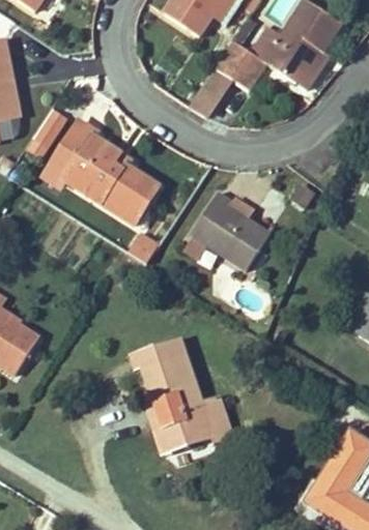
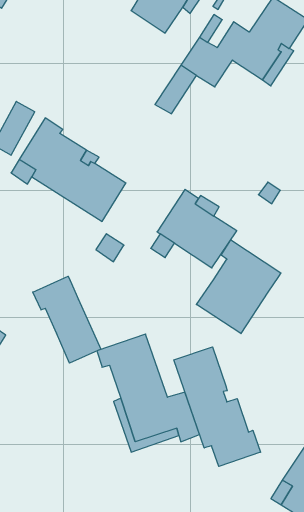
building: none -> [196,240,281,334]
building: none -> [33,276,101,363]
building: none -> [174,347,261,466]

